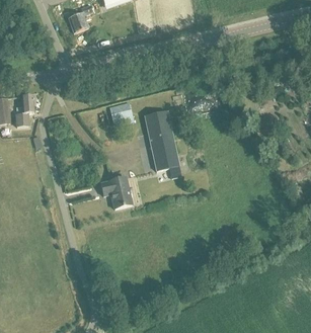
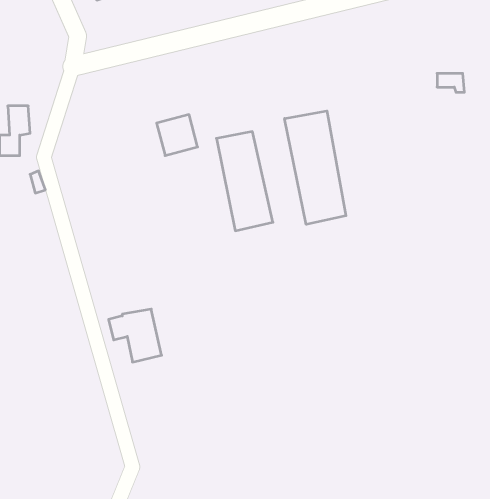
building: none -> [285,111,346,224]
building: [100,177,132,209] -> [109,309,162,362]

